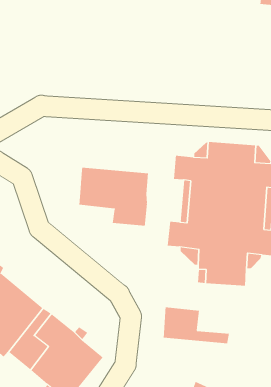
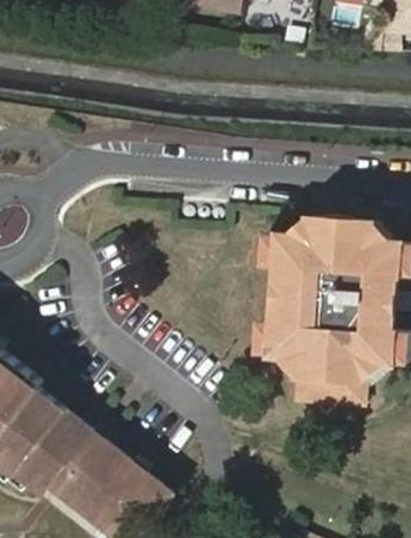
building: [79,167,149,227] -> none
building: [163,307,230,344] -> none

